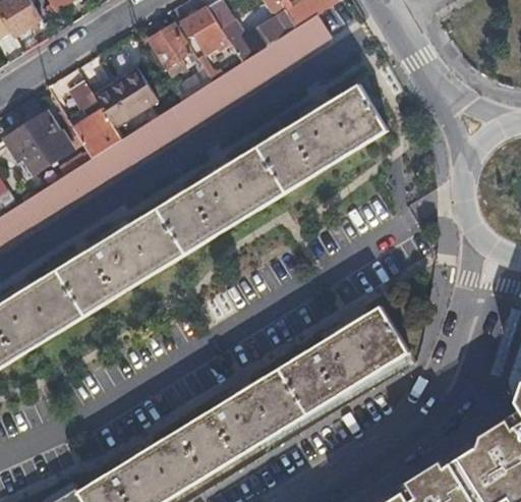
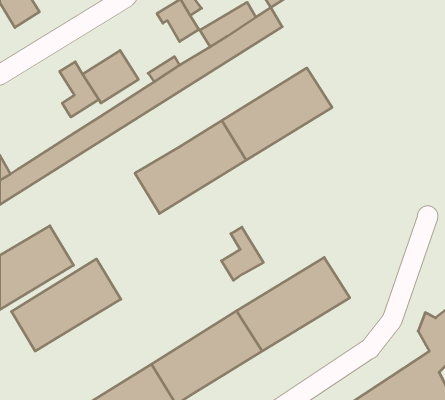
building: [149,23,196,74] -> none
building: [7,112,76,177] -> none
building: [59,207,186,314] -> [11,259,121,351]
building: none -> [221,227,263,280]

